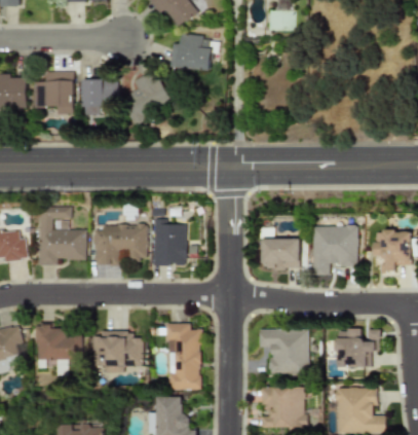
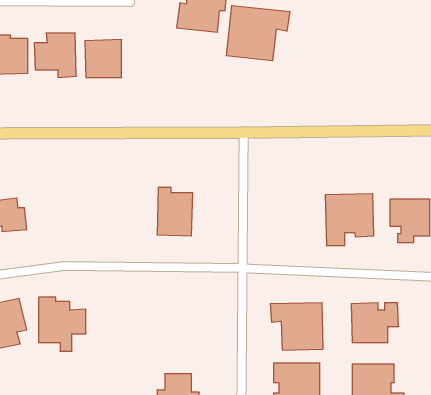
building: none -> [226,5,290,61]
building: [120,70,170,122] -> none
building: [38,206,85,265] -> none
building: [93,224,145,265] -> none
building: [261,239,300,269] -> none
building: [168,323,201,390] -> none
building: [93,332,146,373] -> none

